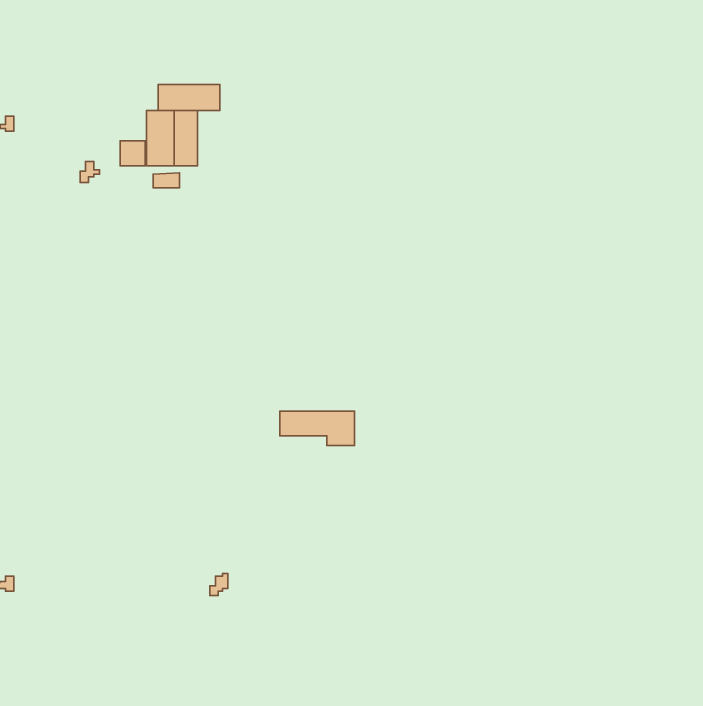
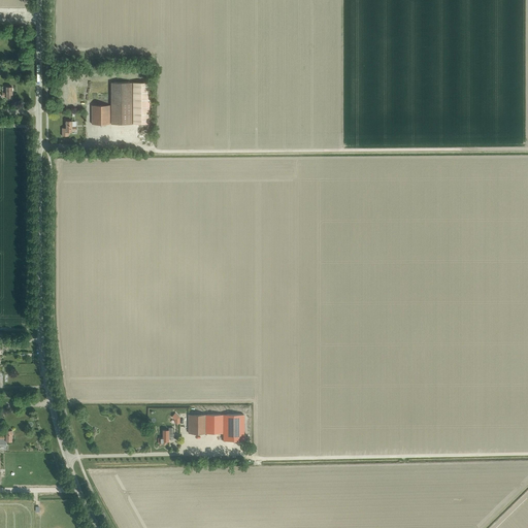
building: [158,85,220,111] -> none
building: [280,411,354,446] -> [186,415,241,440]

